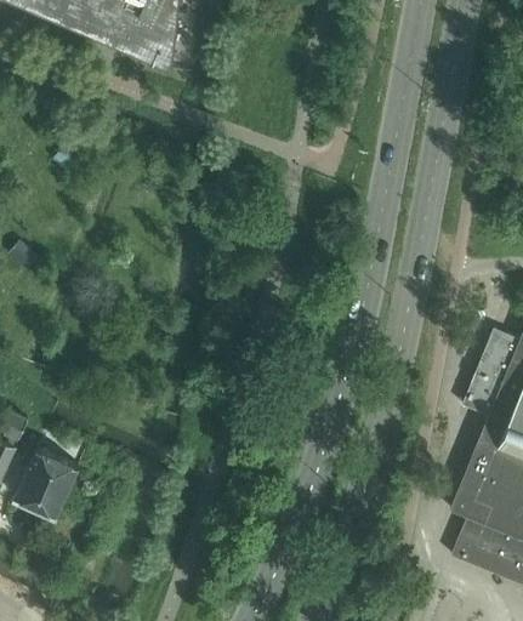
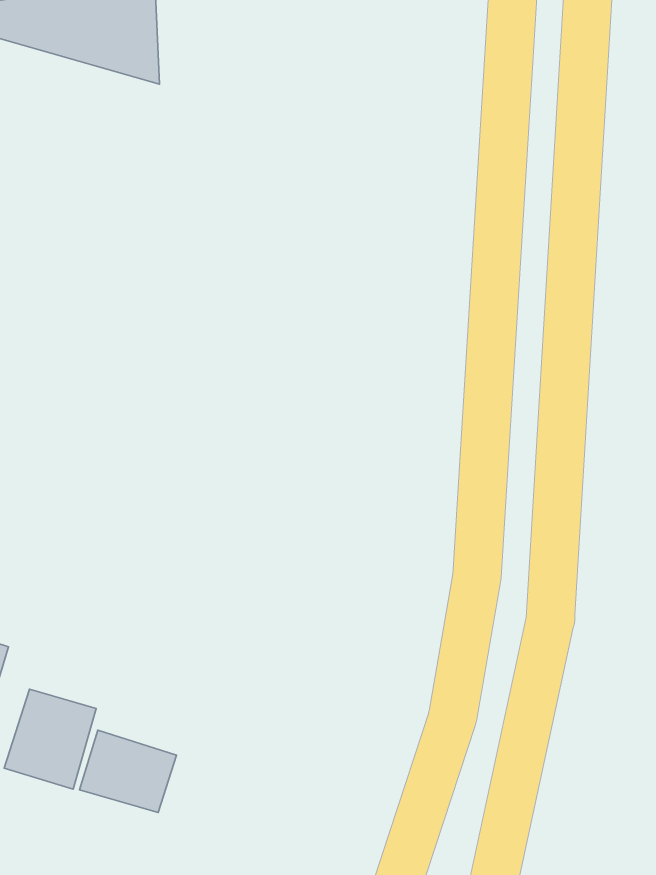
building: none -> [80,730,177,813]

